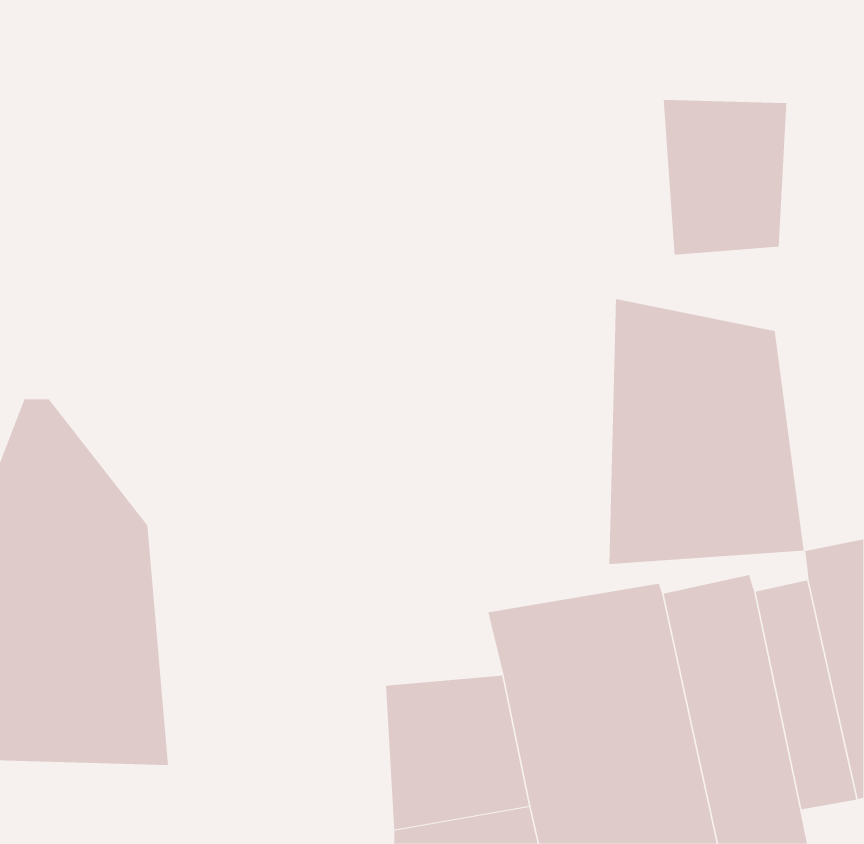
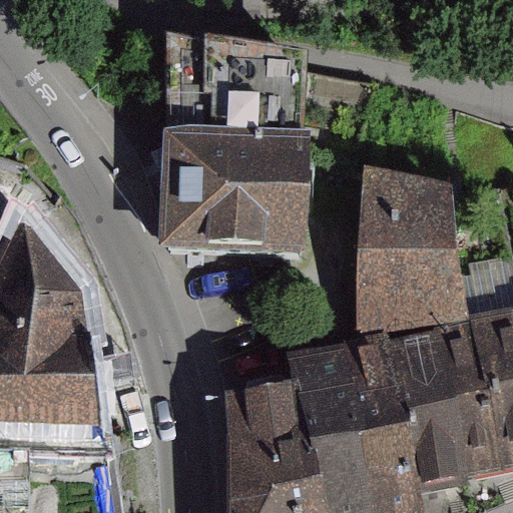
building: [663,99,787,255] -> none
building: none -> [159,139,308,261]

